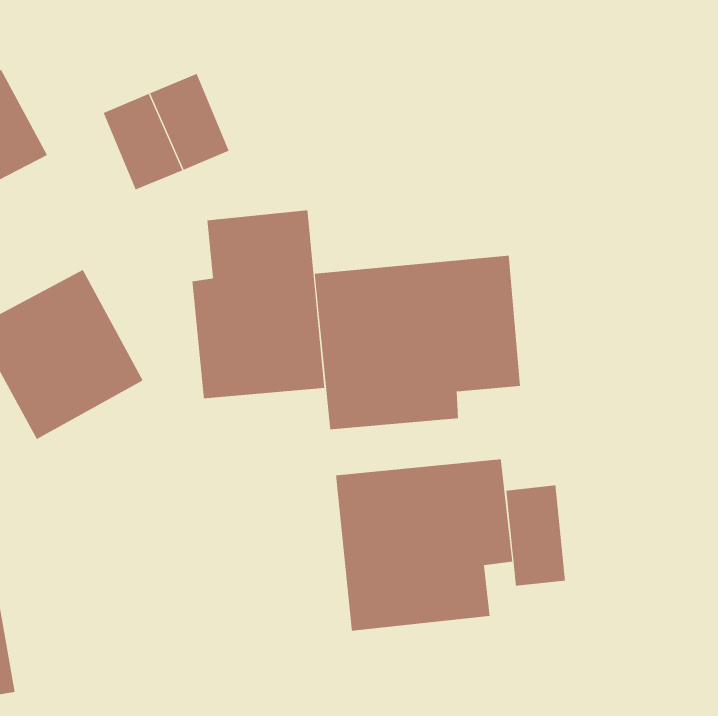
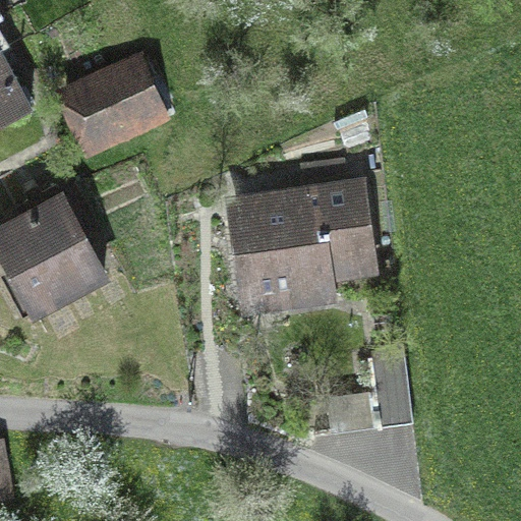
building: [192,209,325,399] -> none
building: [335,459,513,631] -> none

